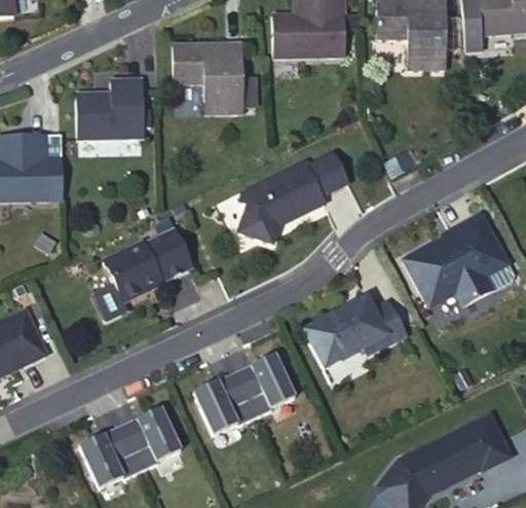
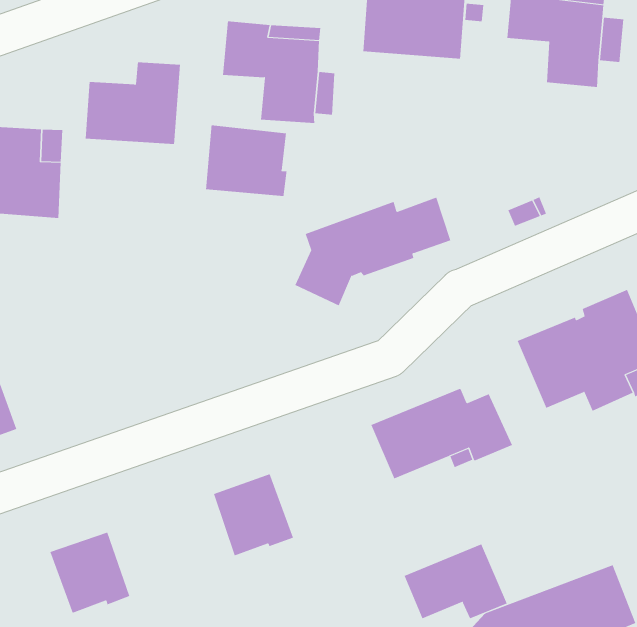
building: none -> [205,125,287,197]
building: [103,230,191,303] -> none
building: [233,353,295,416] -> none
building: [119,405,180,470] -> none
building: none -> [404,543,508,619]

